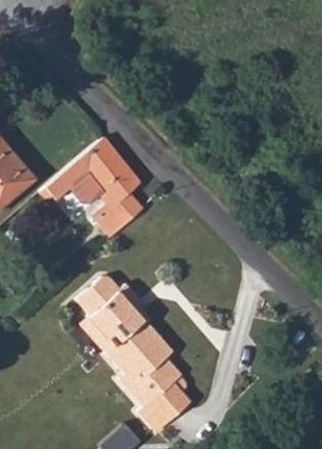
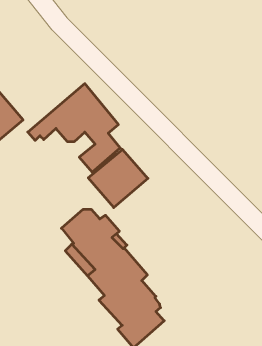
building: none -> [88,149,148,208]

